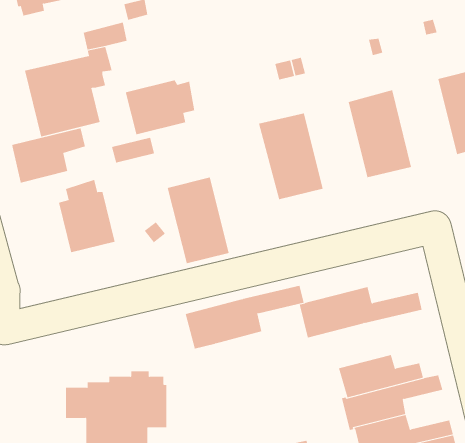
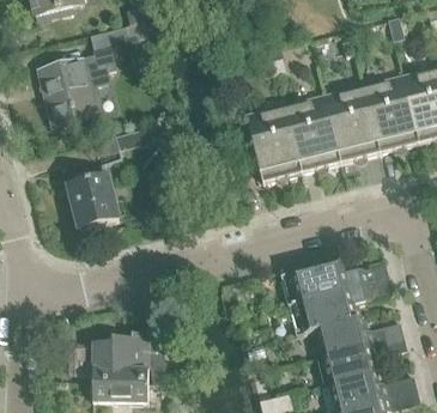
building: none -> [363,74,419,152]
building: [125,79,195,135] -> none
building: [11,127,85,183] -> none
building: [167,177,230,264] -> [285,95,340,171]
building: [185,285,304,349] -> [287,278,393,334]

